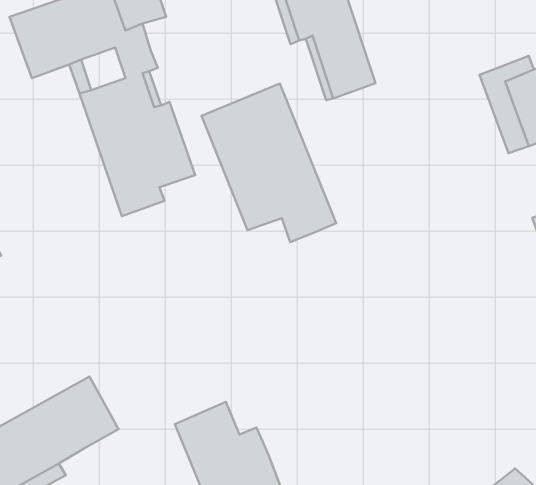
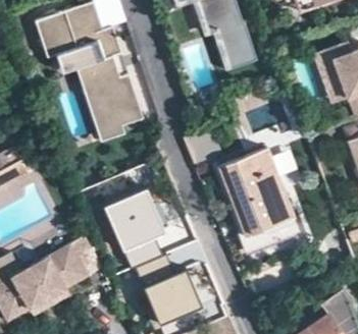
building: [202,84,336,242] -> [217,143,298,237]
building: none -> [104,187,163,266]

